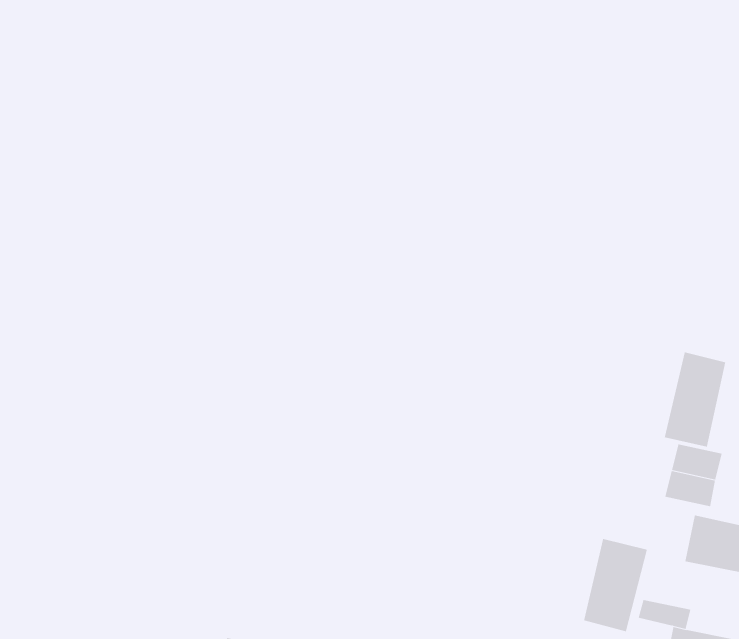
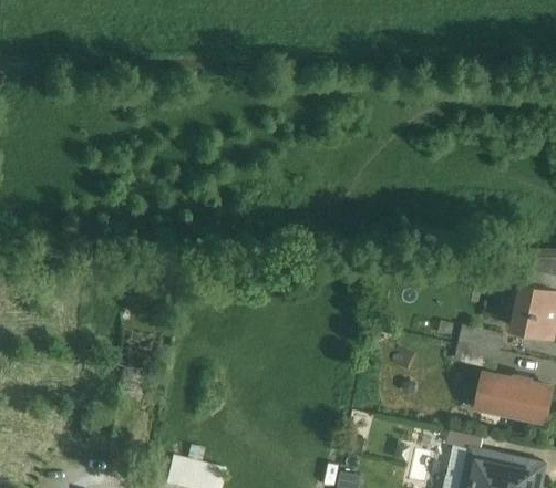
building: [664,352,726,448] -> none
building: [583,538,647,632] -> none

